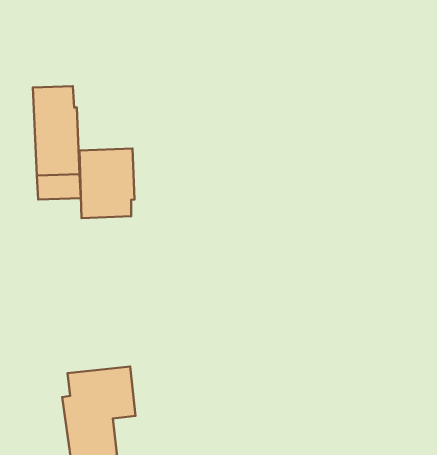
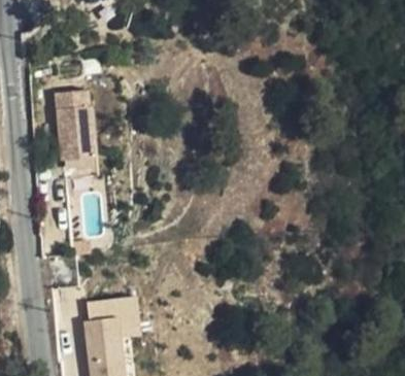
building: [79,148,135,218] -> none

